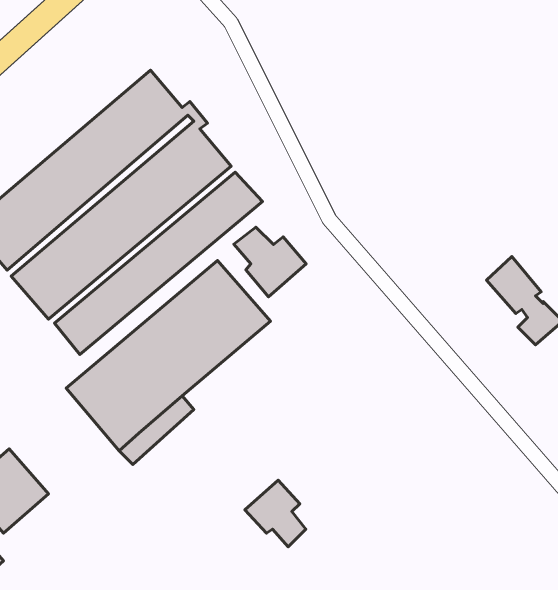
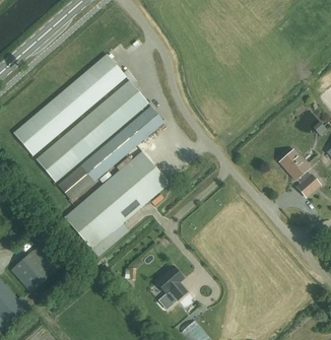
building: [234,227,306,297] -> none

